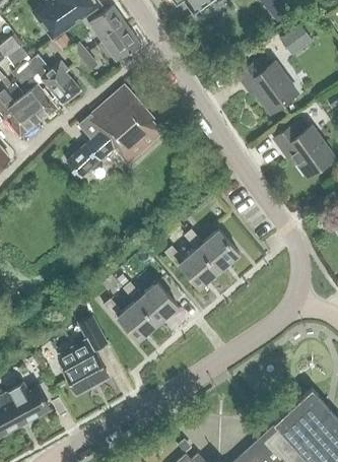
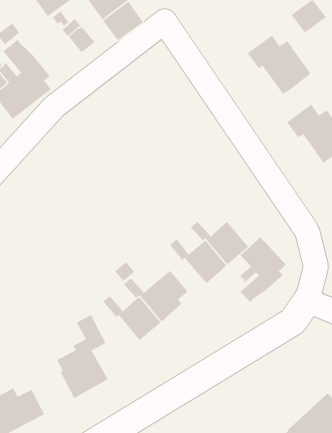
building: [28,58,81,104] -> none
building: [67,85,162,178] -> none
building: none -> [239,236,287,303]

